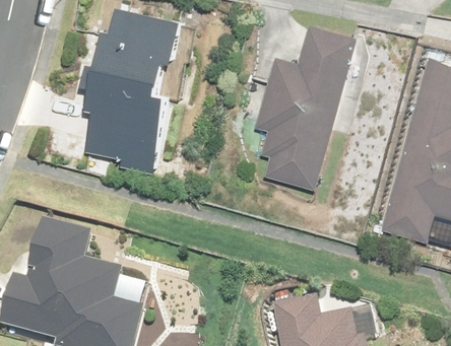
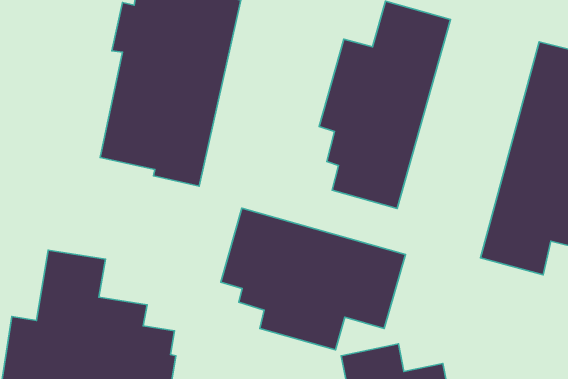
building: none -> [221,208,405,350]

